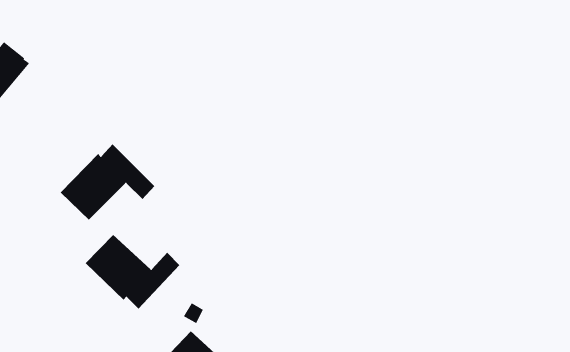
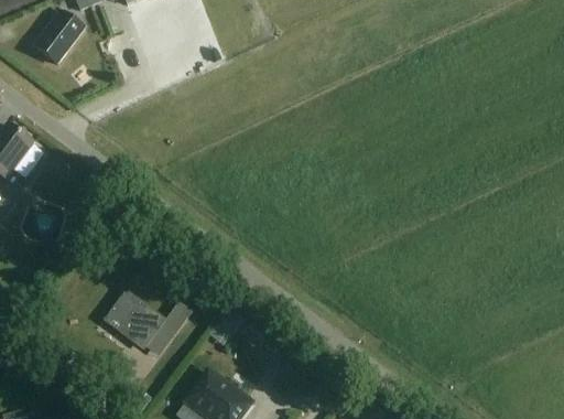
building: [60,144,155,220] -> none

